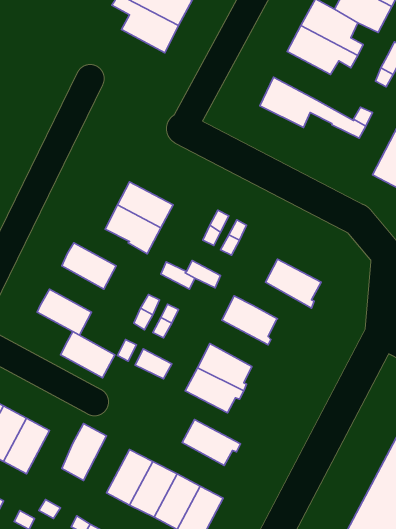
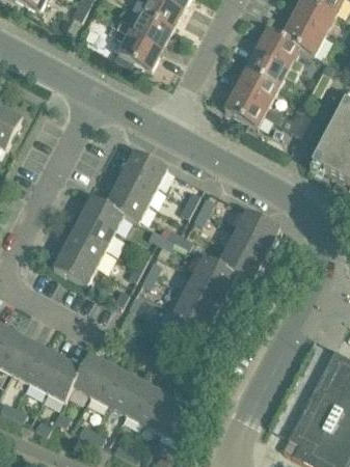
building: none -> [235,67,278,105]
building: none -> [125,149,167,185]
building: none -> [82,195,125,231]
building: none -> [238,209,281,244]
building: none -> [219,244,264,281]
building: [61,332,115,378] -> [63,231,105,267]
building: [182,419,241,466] -> [186,273,231,308]
building: none -> [46,357,81,401]
building: none -> [89,361,125,405]

